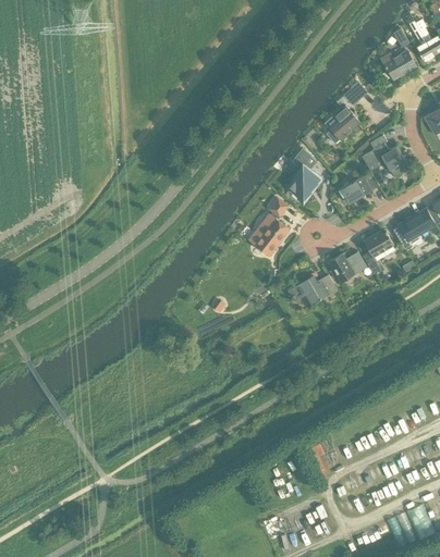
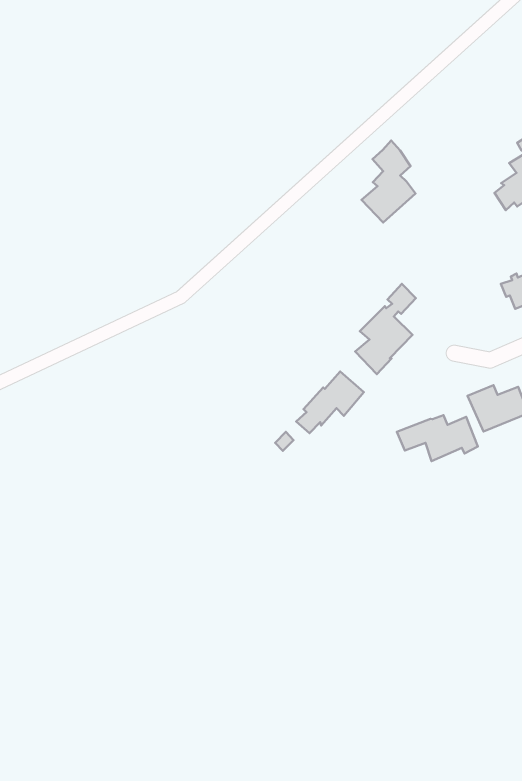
building: [290,148,322,199] -> [361,141,415,222]
building: none -> [296,371,364,433]

